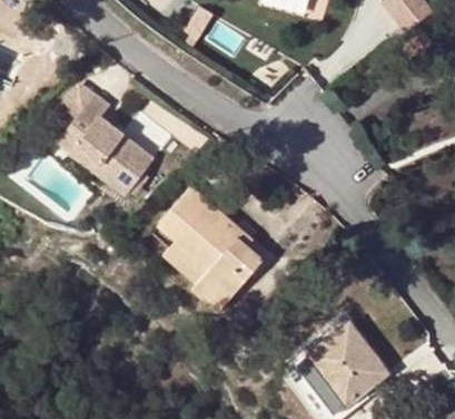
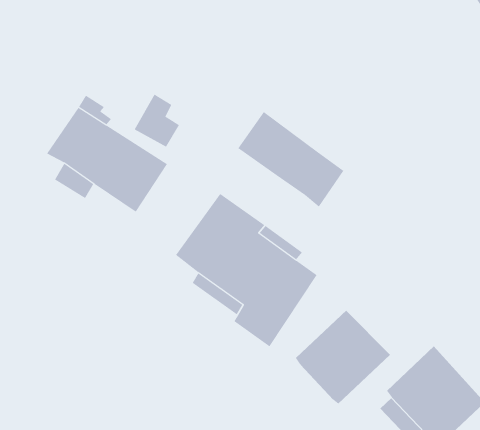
building: none -> [237,111,344,208]
building: none -> [295,310,391,404]

